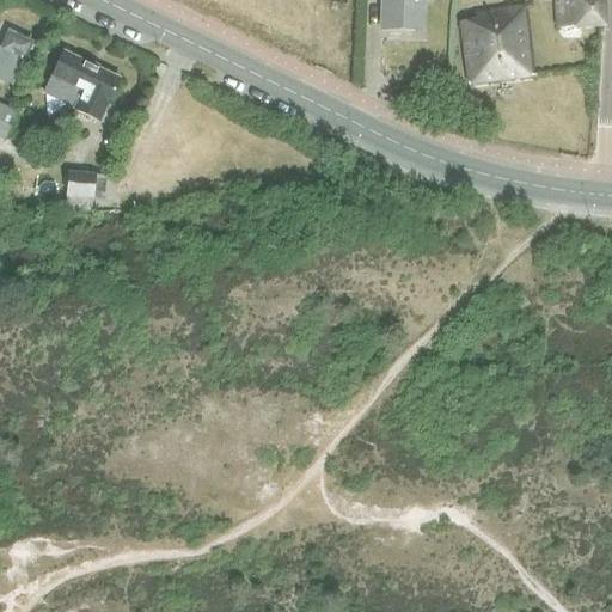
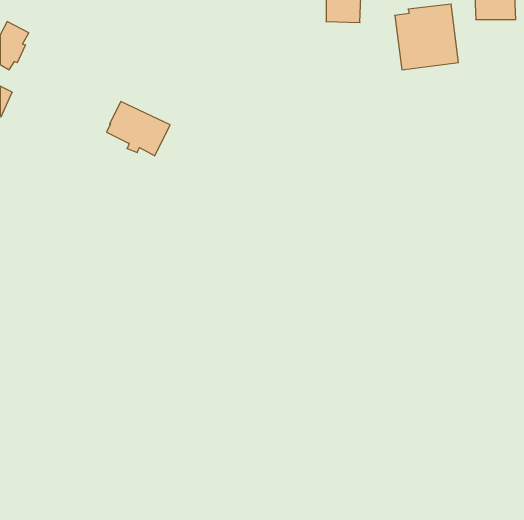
building: [45,50,120,114] -> [107,101,170,156]
building: [65,170,93,210] -> none

